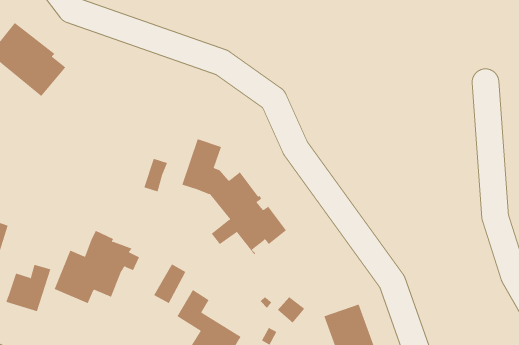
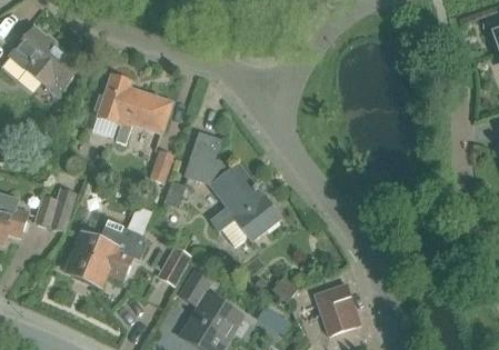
building: none -> [93,76,170,143]
building: [6,264,51,312] -> [34,188,76,231]

